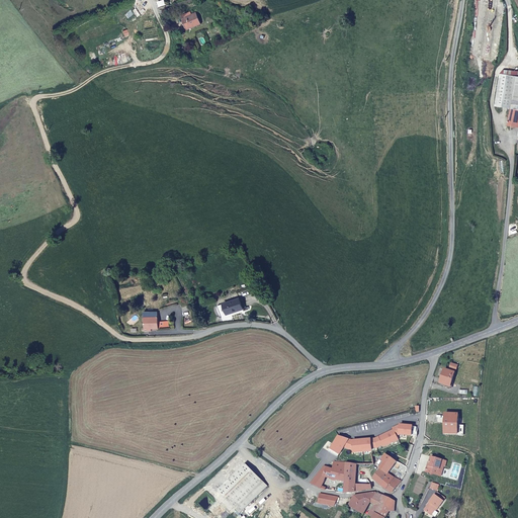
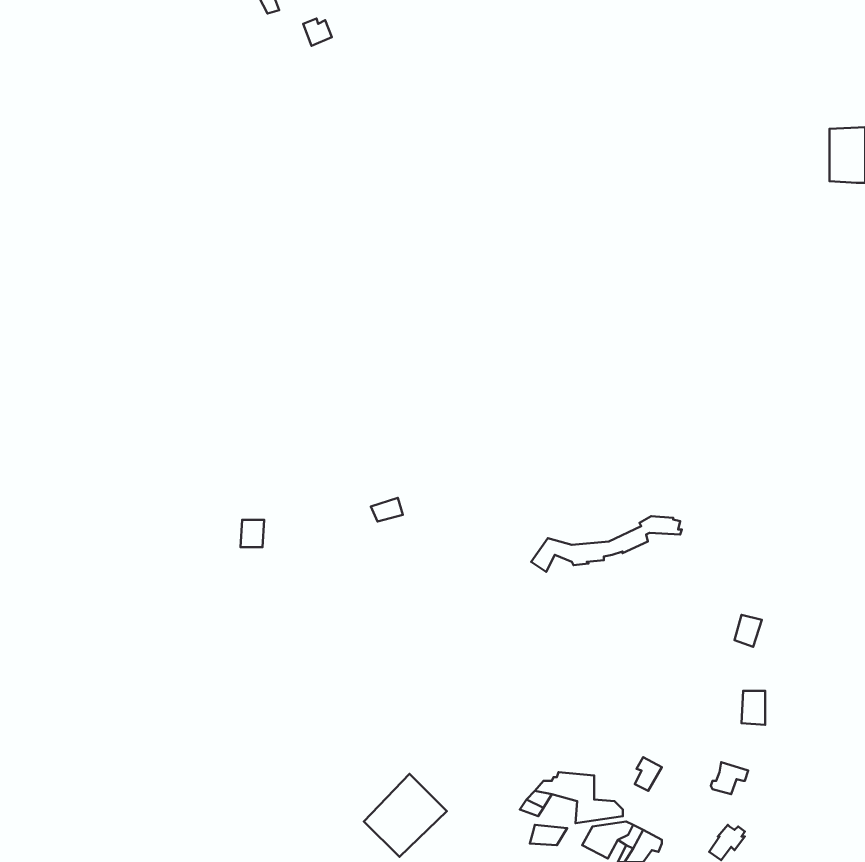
building: [328,423,418,456] -> [531,516,682,572]
building: [372,459,401,492] -> none

